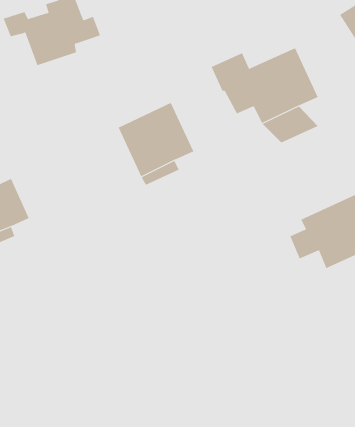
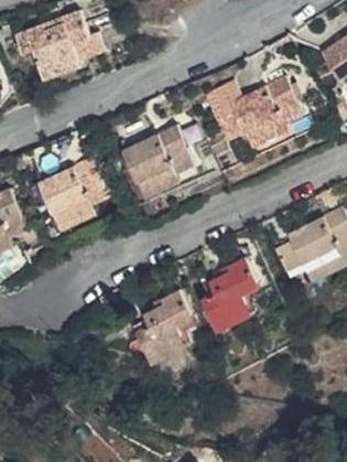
building: none -> [40,160,107,229]
building: none -> [202,256,260,326]
building: none -> [139,291,198,361]

